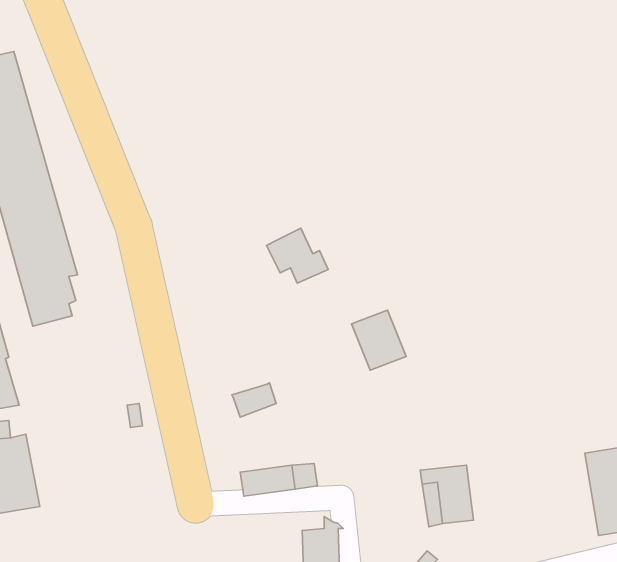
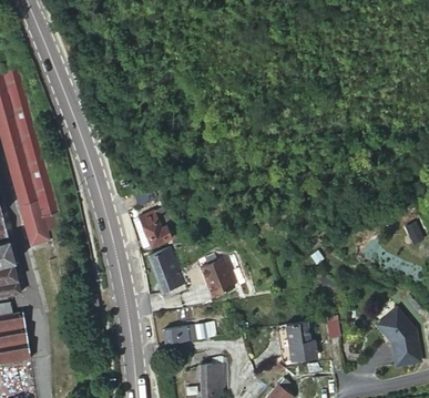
building: [266,228,328,283] -> [131,211,171,246]
building: [351,310,406,370] -> [198,258,234,297]
building: none -> [147,248,180,279]

